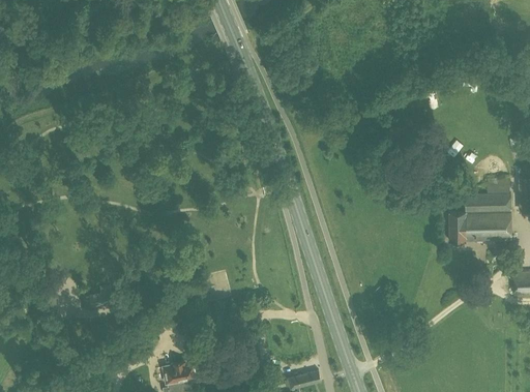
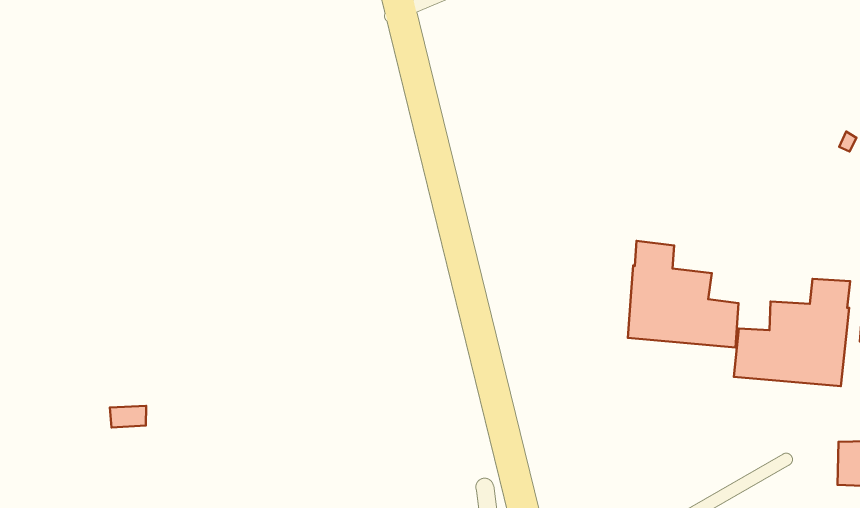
building: none -> [628,241,739,348]

